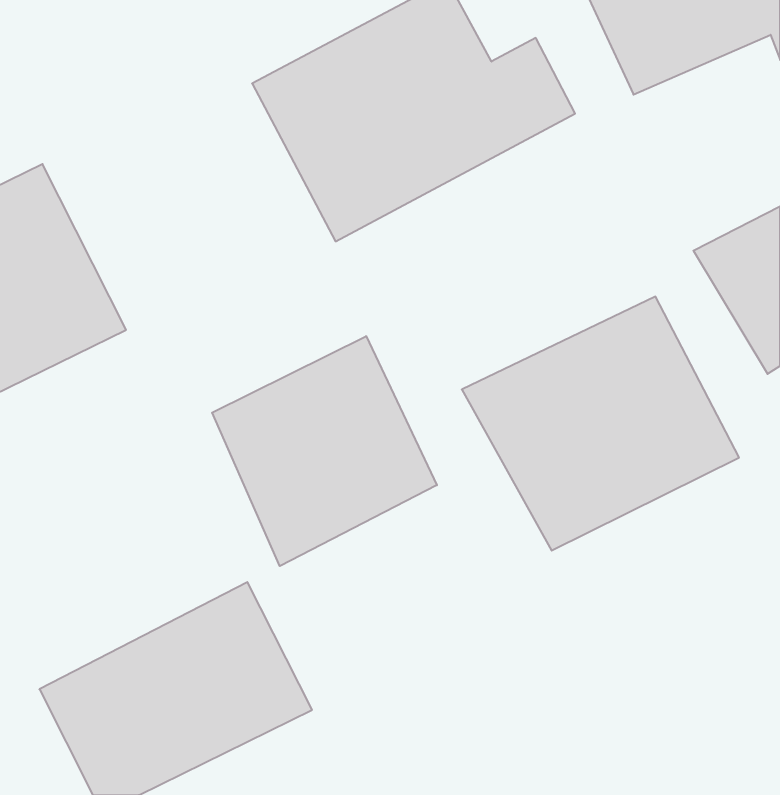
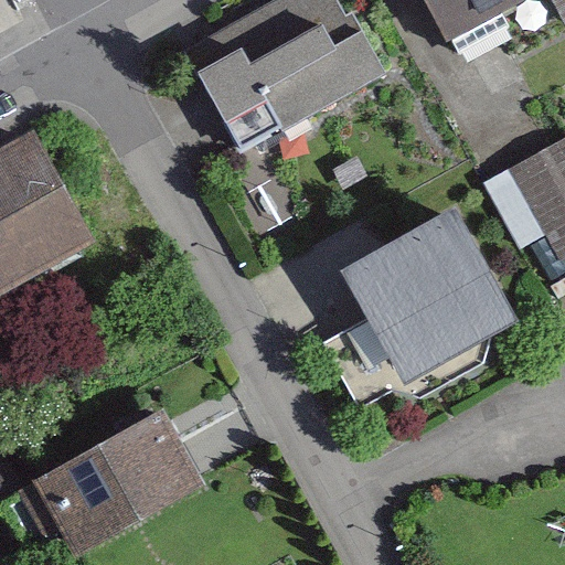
building: [212,336,437,566] -> none

